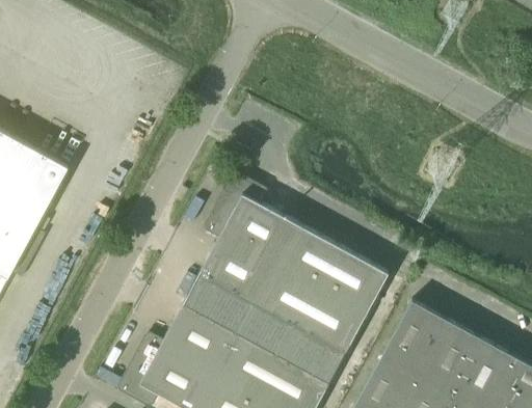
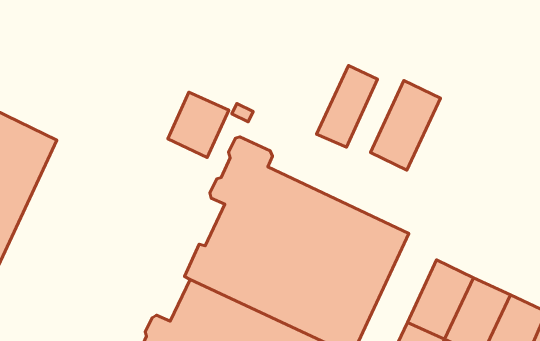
building: none -> [317,65,378,147]
building: none -> [168,92,229,157]
building: none -> [370,80,440,170]

